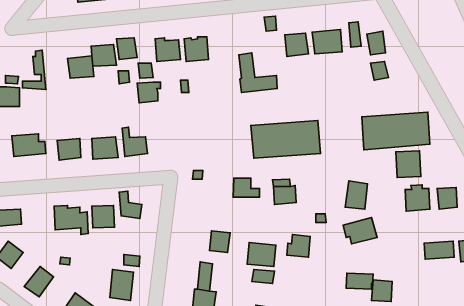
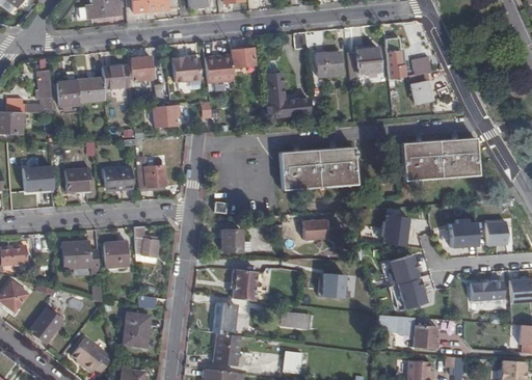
building: none -> [230,47,255,66]
building: none -> [57,79,80,106]
building: [396,151,421,178] -> none
building: [233,178,259,197] -> [221,229,250,250]
building: none -> [389,276,429,309]
building: [247,243,276,267] -> none

